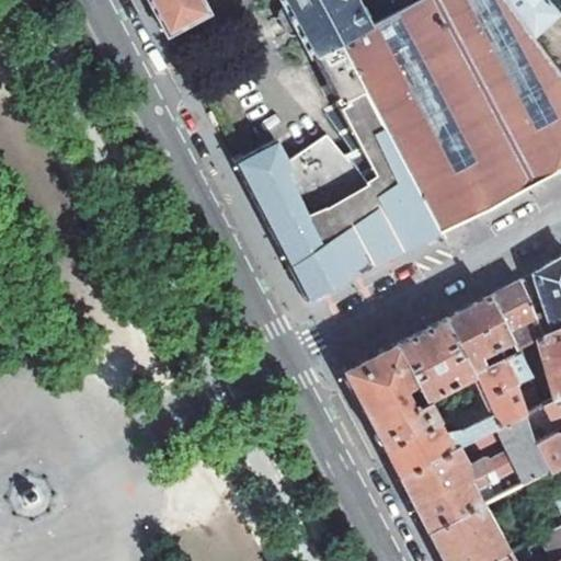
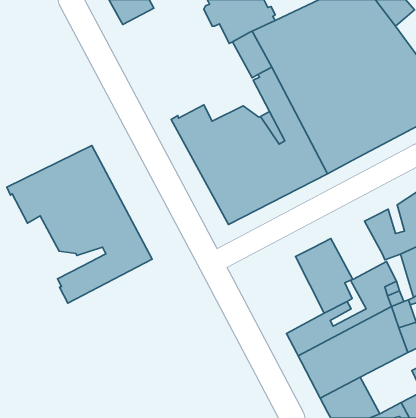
building: none -> [7,145,152,303]
building: [446,296,515,374] -> none
building: [346,343,437,446] -> none

